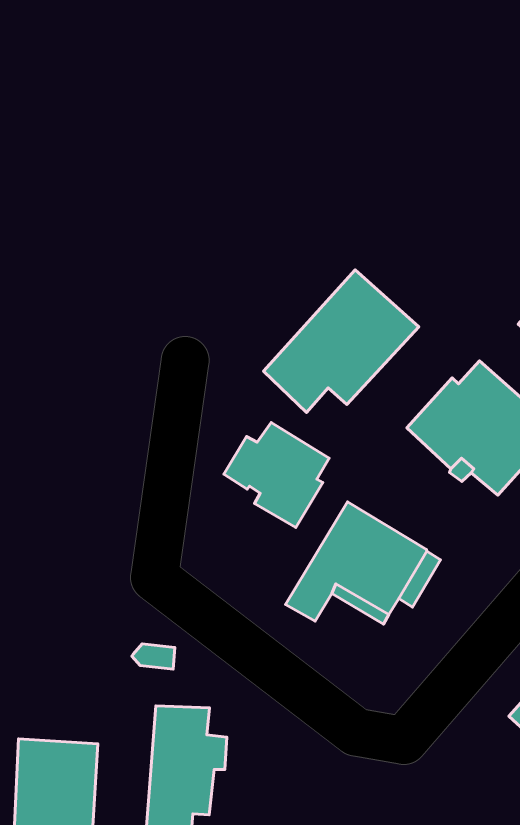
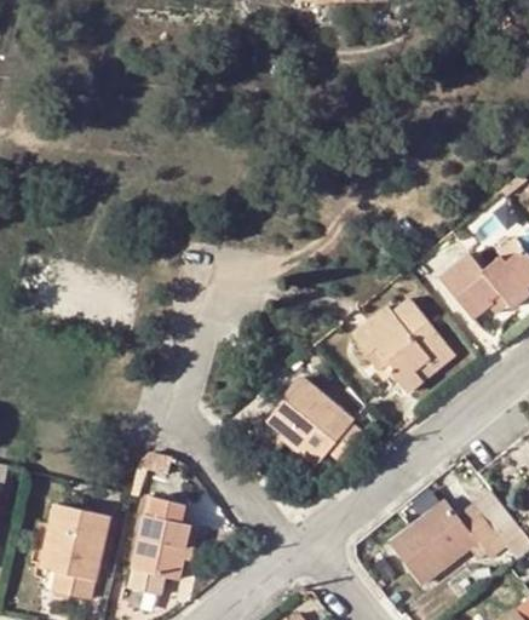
building: [264,270,419,413] -> none
building: [224,422,329,527] -> none

